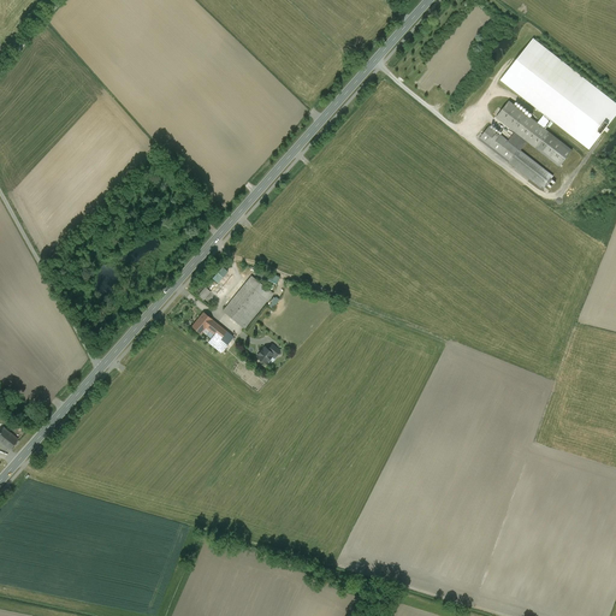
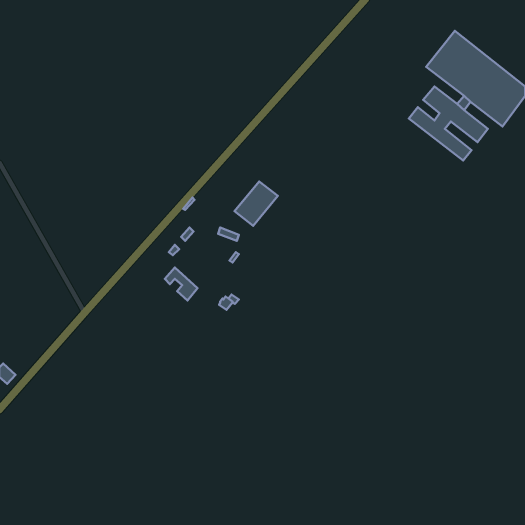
building: [221,276,272,327] -> [235,181,278,226]

